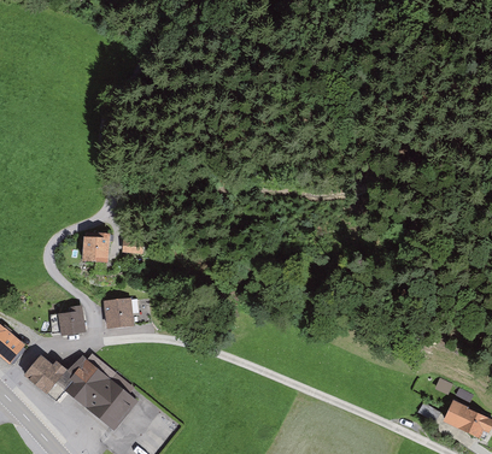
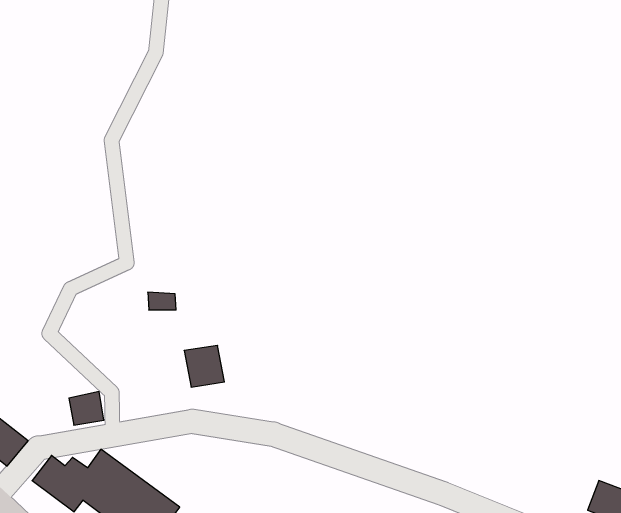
building: [82,232,111,261] -> none
building: [105,299,134,329] -> [184,345,224,387]

